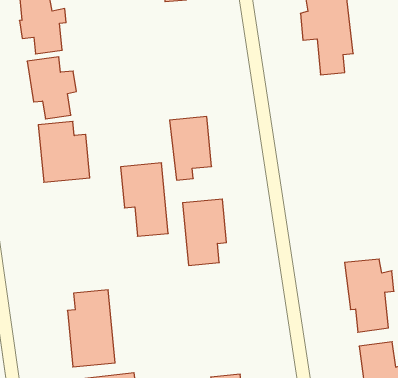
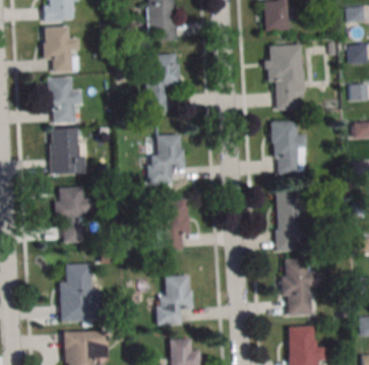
building: none -> [146,54,180,112]
building: none -> [272,120,307,175]
building: [121,163,168,236] -> [56,187,88,243]
building: none -> [275,190,302,251]
building: none -> [156,276,192,322]

